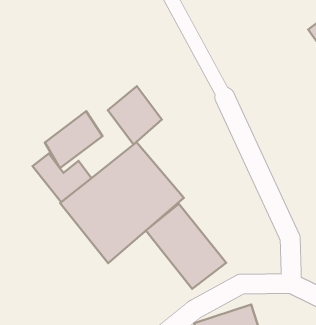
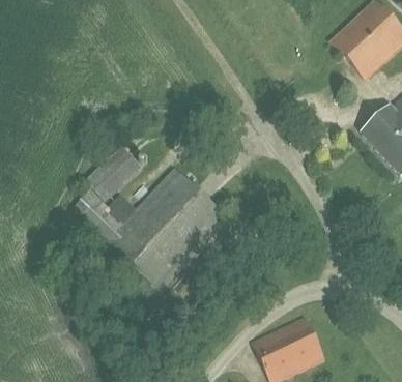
building: [108,86,162,144] -> none
building: [146,204,226,289] -> none

